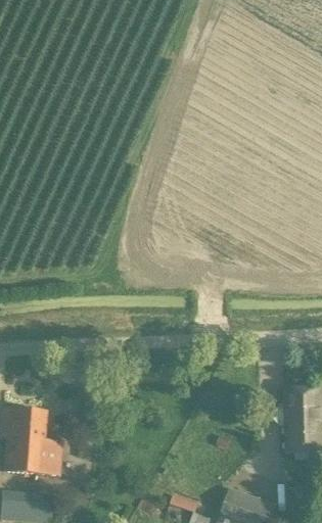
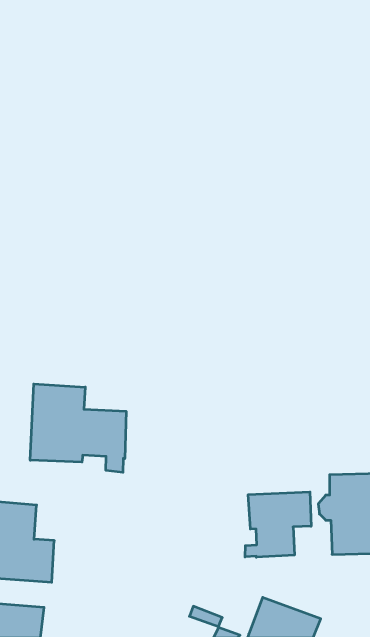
building: none -> [30,384,126,472]
building: none -> [245,492,311,557]

